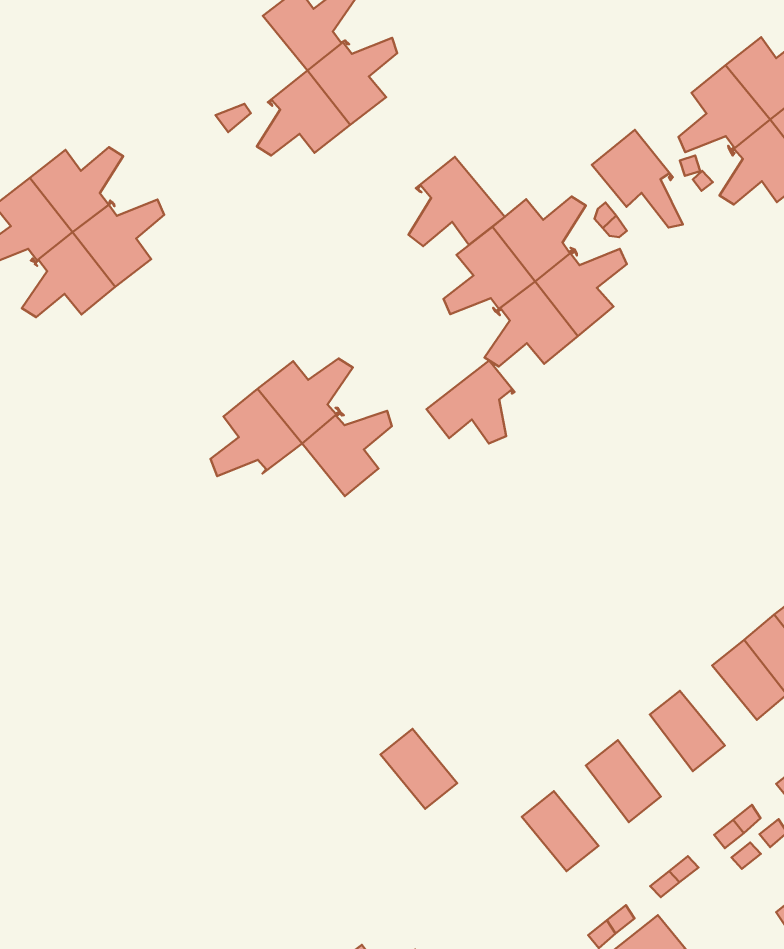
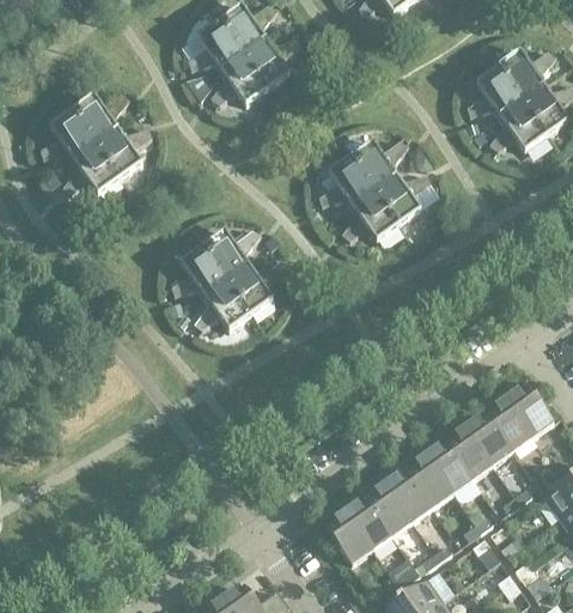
building: none -> [187,19,243,72]
building: [592,130,683,227] -> none
building: [408,157,505,246] -> none
building: [427,361,515,444] -> none
building: none -> [193,280,250,330]
building: none -> [446,430,492,479]
building: none -> [407,457,451,508]
building: [380,729,457,809] -> [325,515,371,564]
building: none -> [366,486,410,535]

